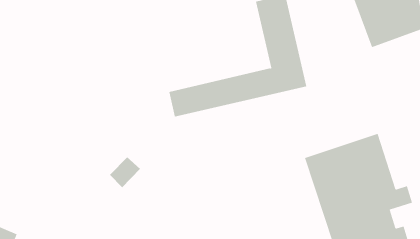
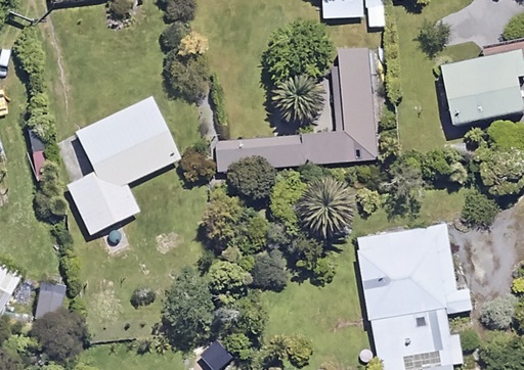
building: none -> [66,96,180,234]

